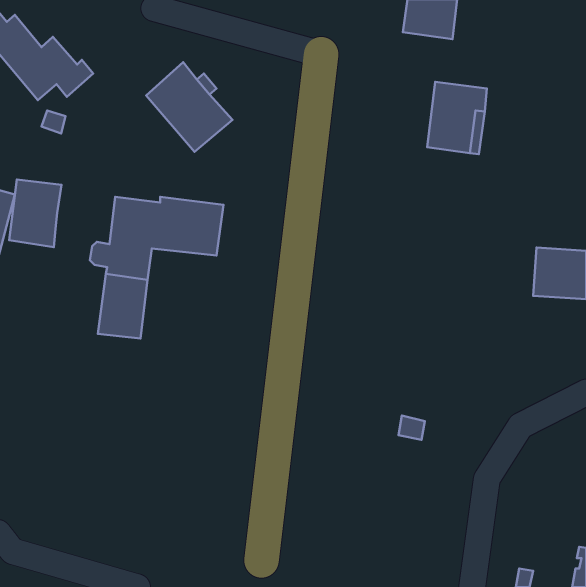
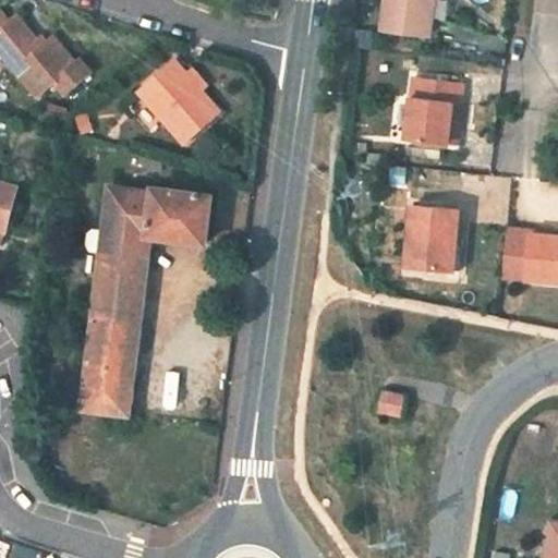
building: [9,179,62,247] -> none
building: none -> [407,207,459,271]
building: none -> [82,316,133,413]

